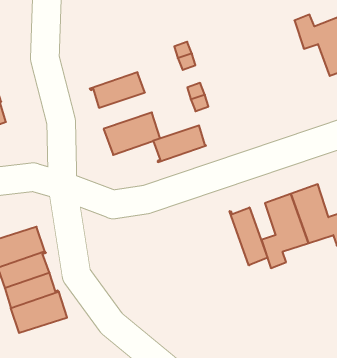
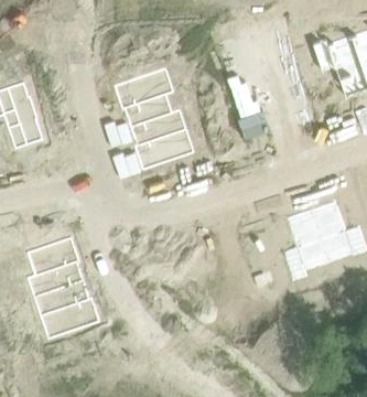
building: none -> [114,69,166,108]
building: [153,125,206,162] -> [130,111,180,146]
building: [230,207,267,265] -> none

